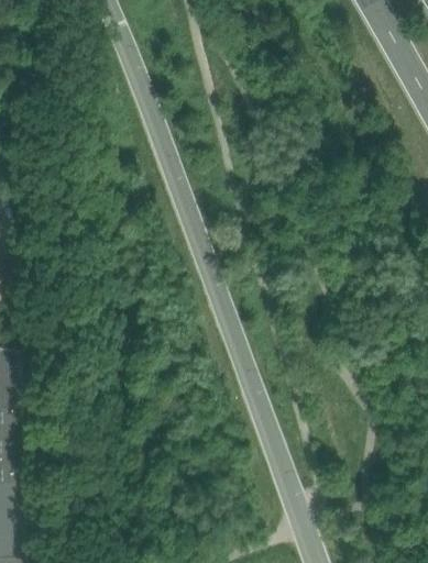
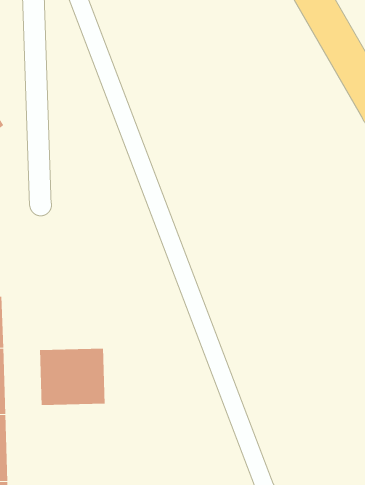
building: none -> [40,348,105,406]

